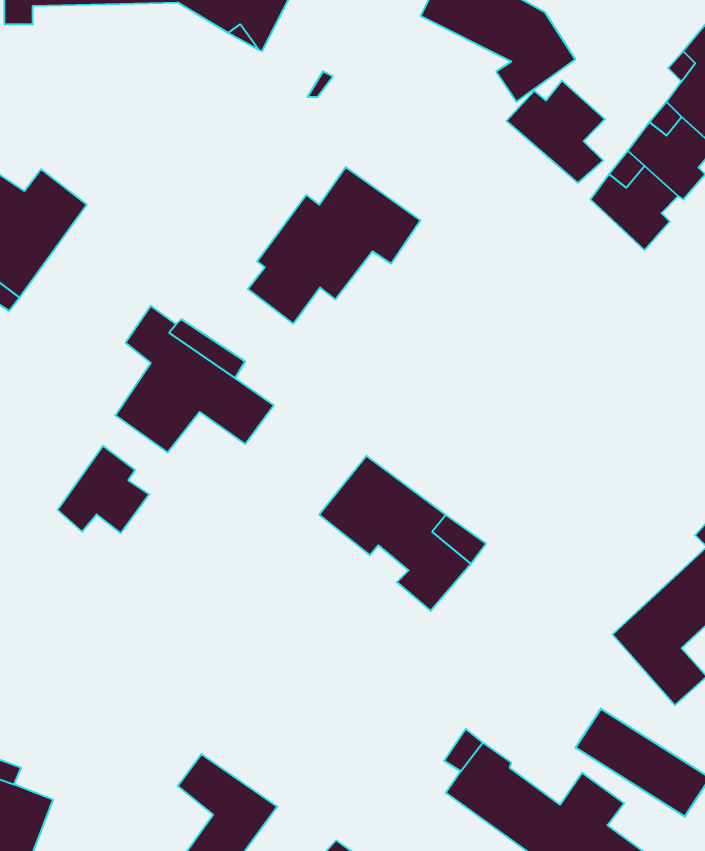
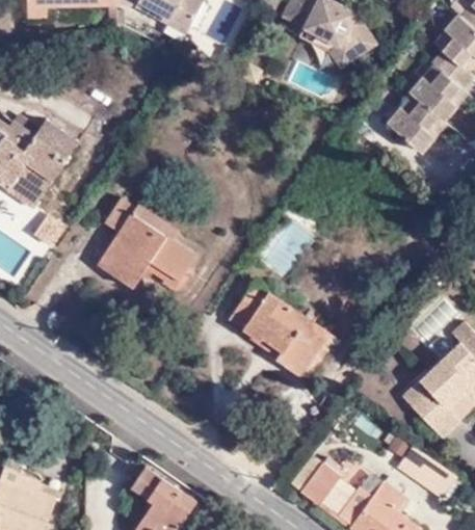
building: [507,80,605,183] -> none
building: [248,167,420,324] -> none
building: [58,446,149,533] -> none

